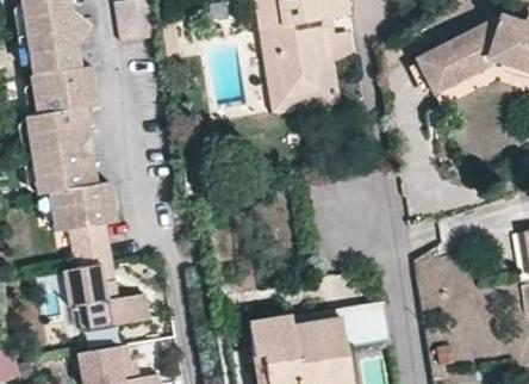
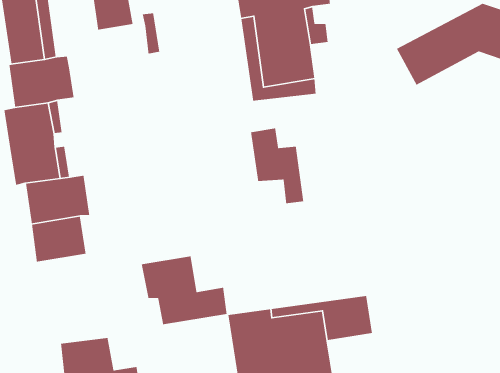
building: none -> [250,128,304,204]
building: [58,262,144,332] -> [141,255,227,325]

